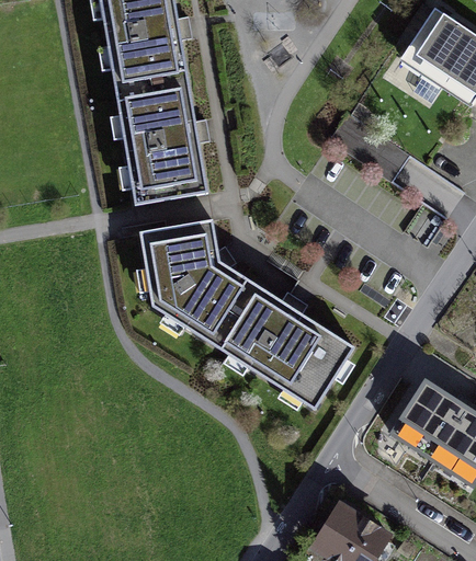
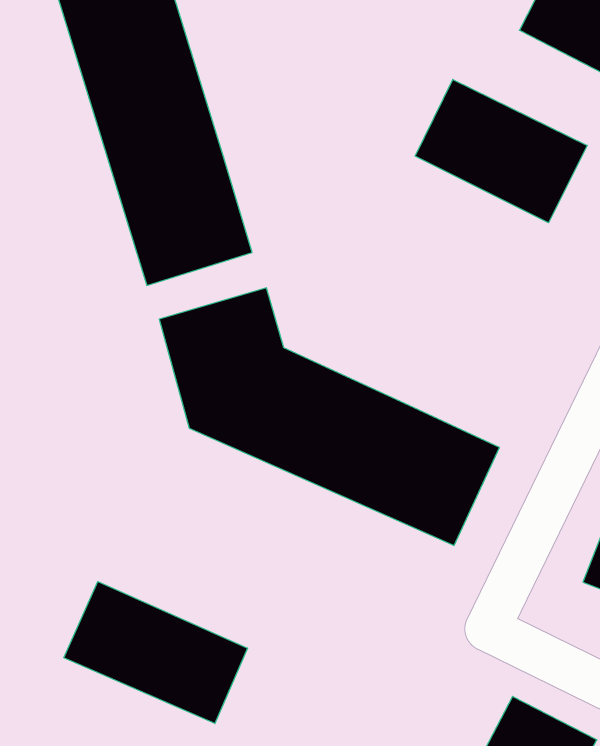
building: none -> [415,79,587,223]
building: none -> [64,582,247,724]

